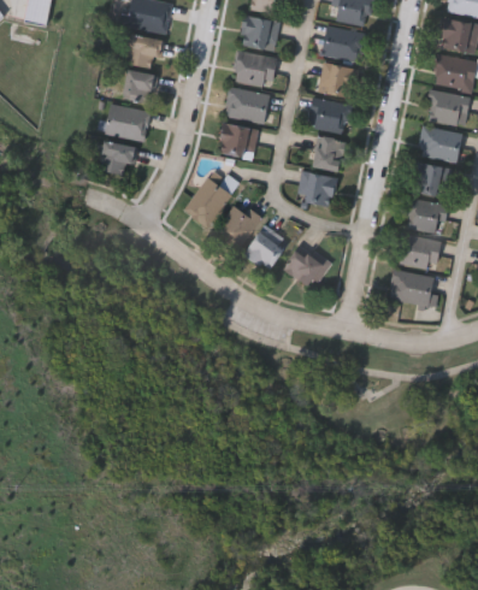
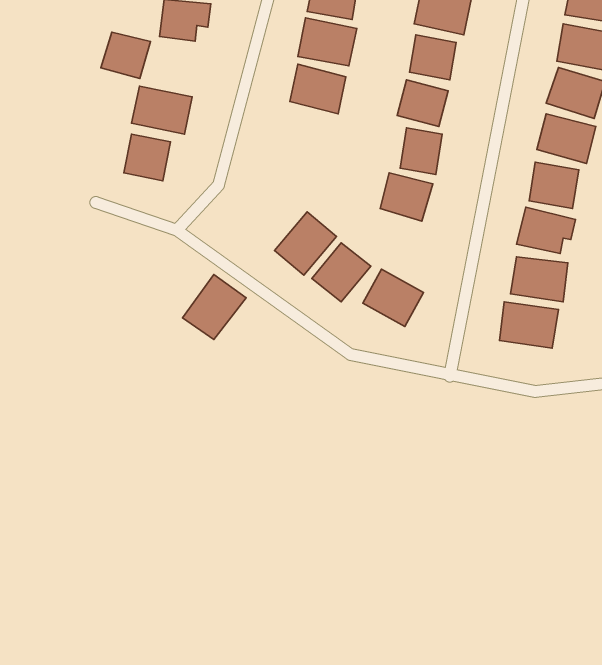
building: [119,69,158,105] -> [101,32,151,79]
building: [219,123,259,157] -> none
building: [183,177,232,228] -> [183,274,246,340]

